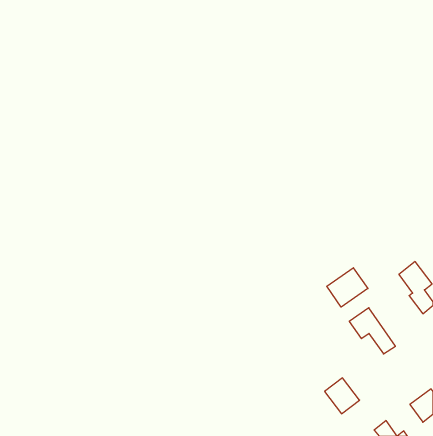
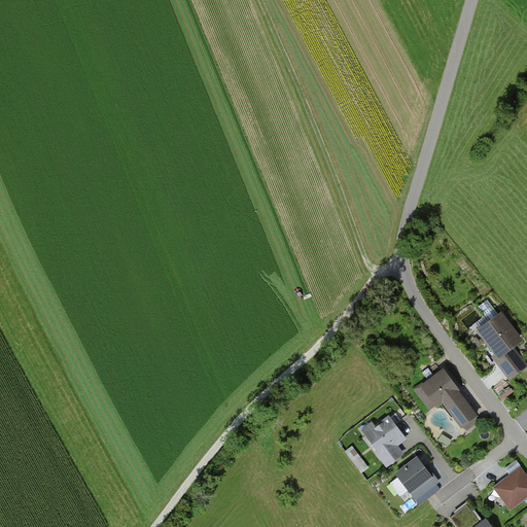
building: [327,268,368,307] -> none
building: none -> [362,418,405,468]

